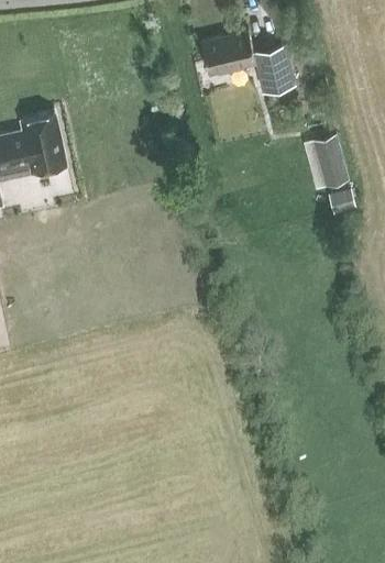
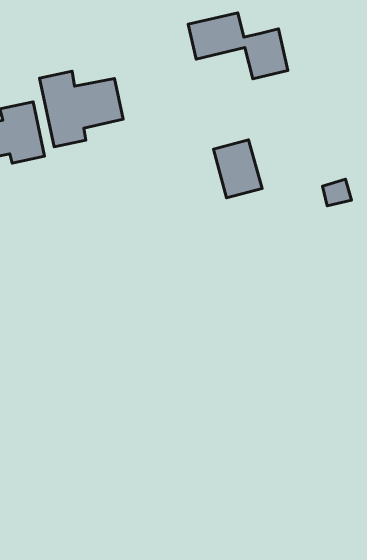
building: none -> [40,71,123,147]
building: [304,136,350,191] -> [214,140,262,198]

